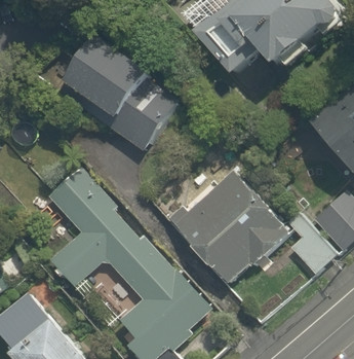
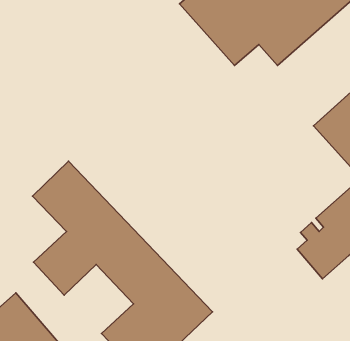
building: [67,44,176,154] -> none
building: [159,156,286,285] -> none

